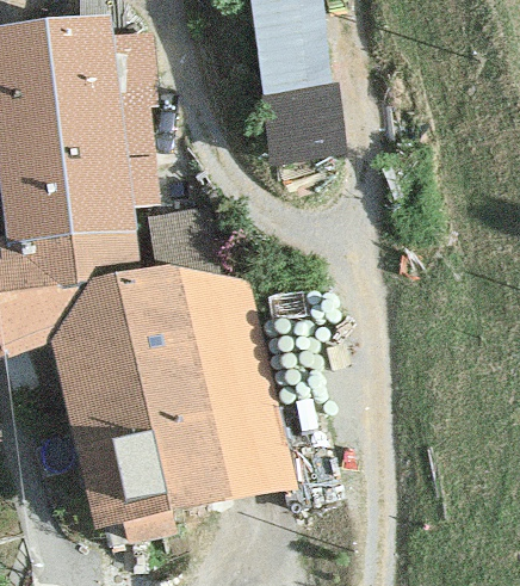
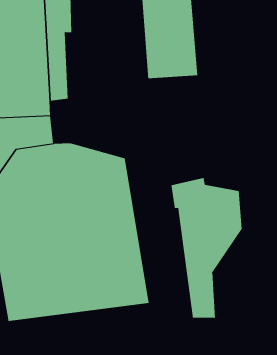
building: none -> [171,177,242,318]

